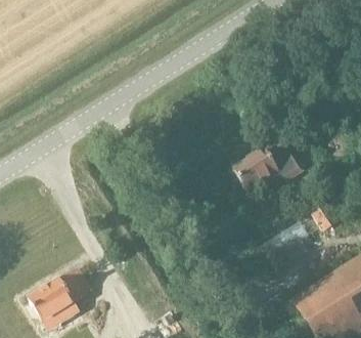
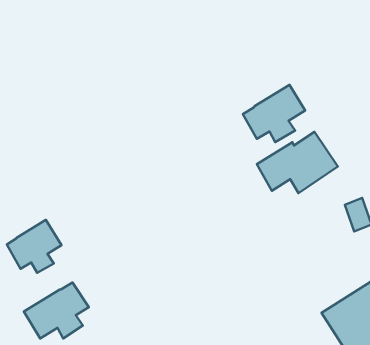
building: none -> [243,85,305,142]
building: none -> [7,220,61,273]

